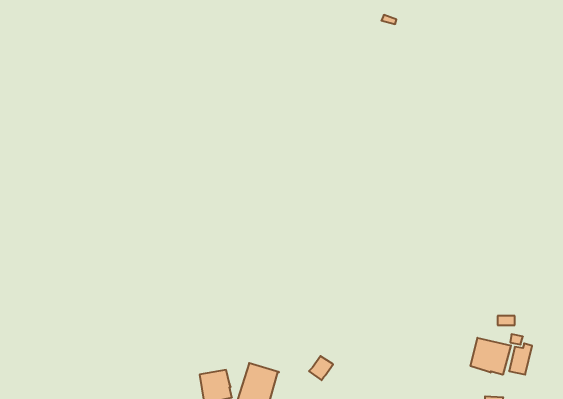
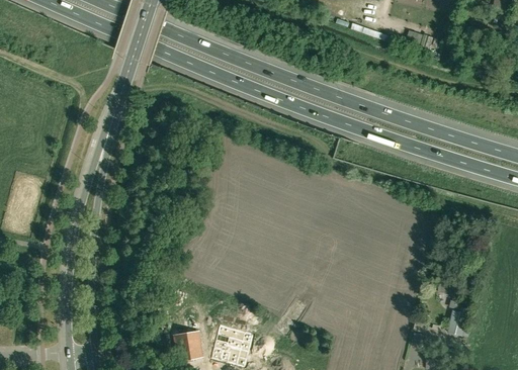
building: [471,338,511,375] -> none

